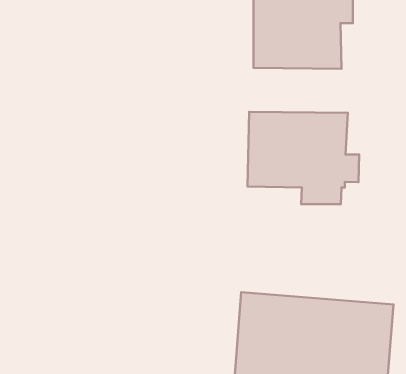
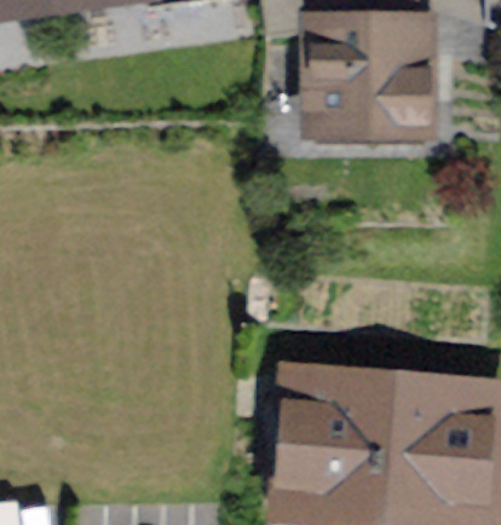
building: [247,112,359,204] -> none

